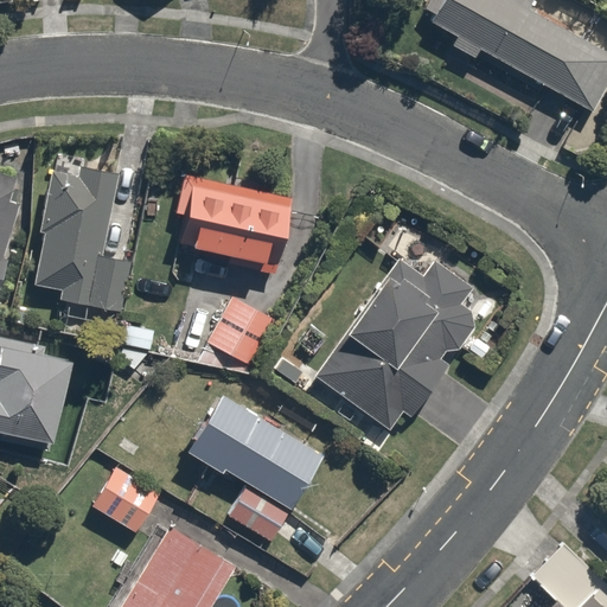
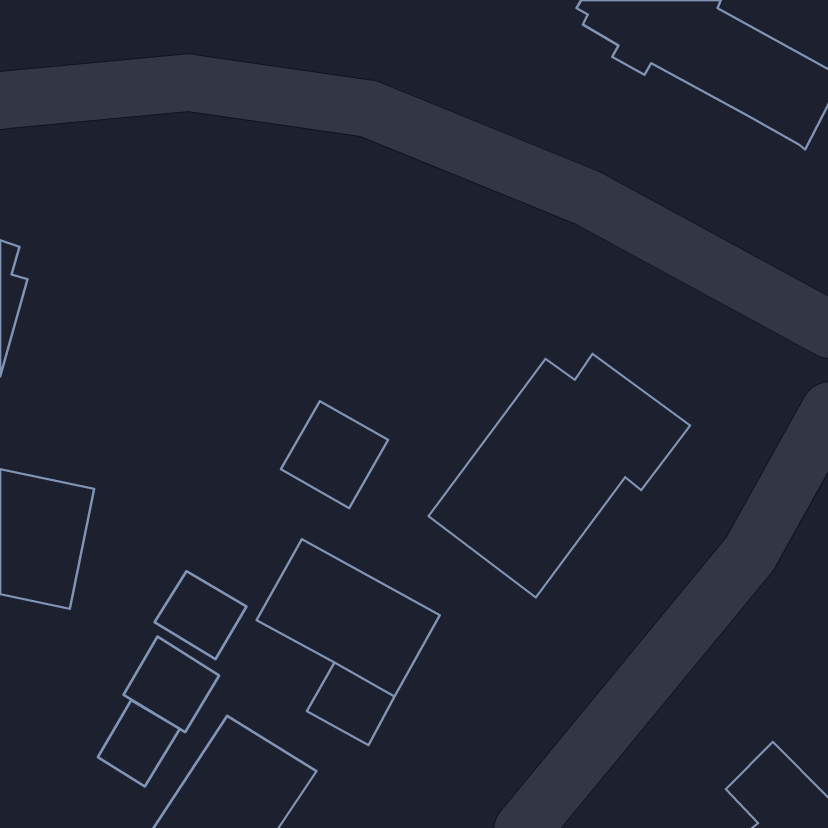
building: [31,165,132,318] -> none
building: [177,173,298,267] -> none
building: none -> [154,571,247,659]
building: none -> [98,700,180,787]

